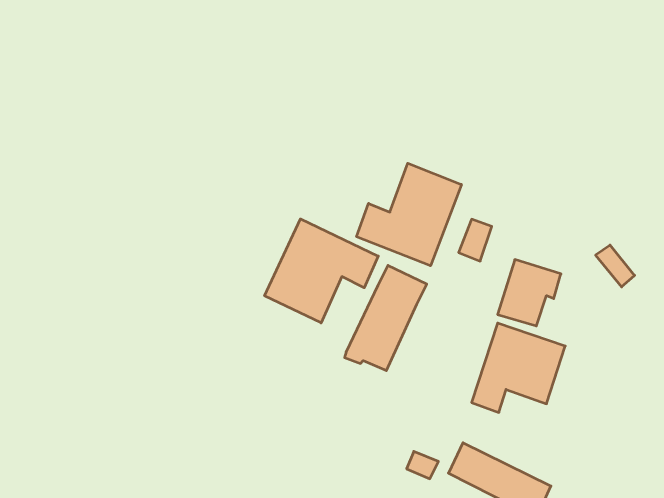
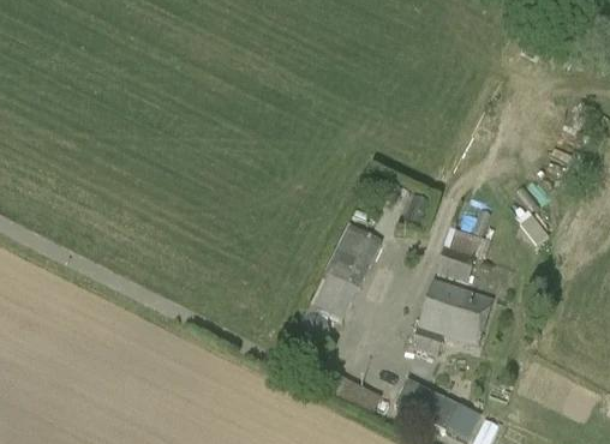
building: [357,163,461,266] -> none
building: [265,219,378,323] -> none

